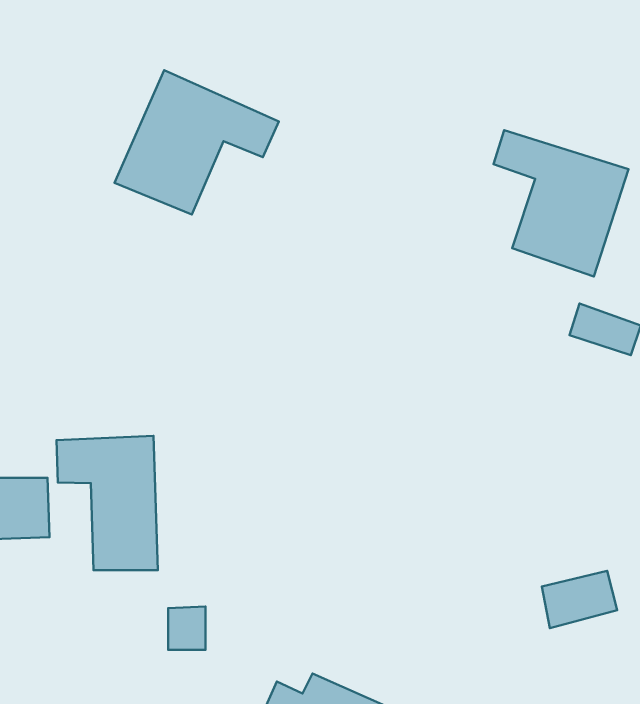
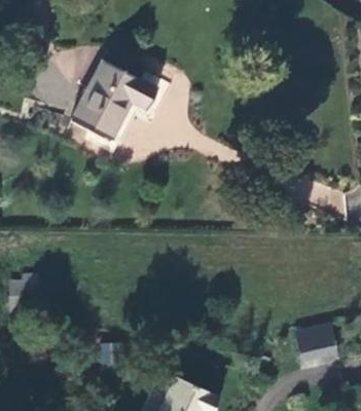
building: [494,130,629,277] -> none
building: [56,436,158,570] -> none

